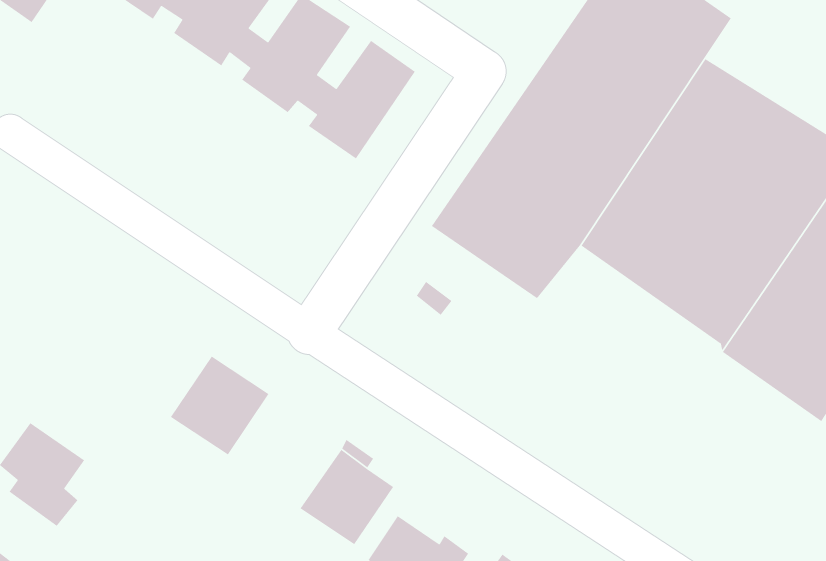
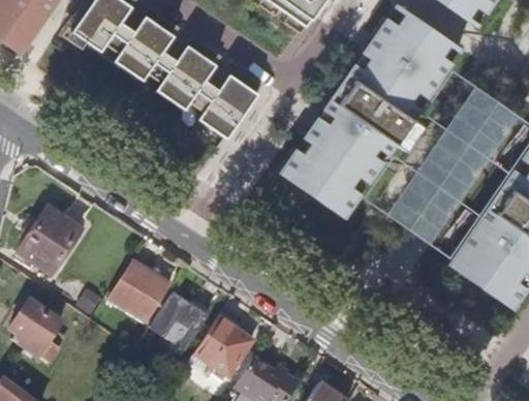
building: none -> [17,207,82,276]
building: none -> [150,294,207,349]

